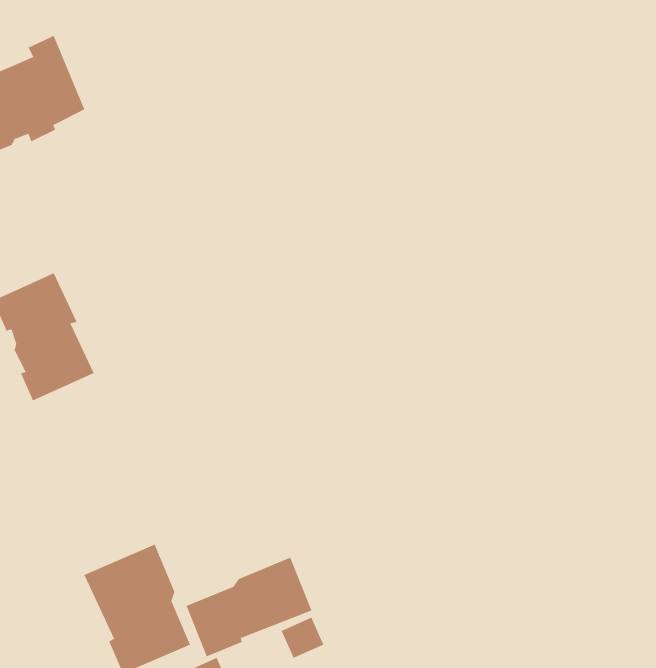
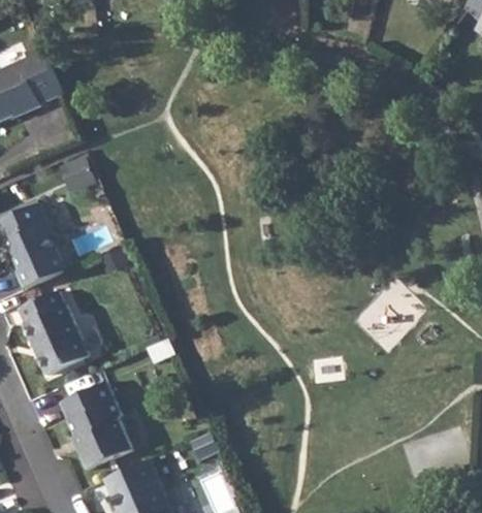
building: none -> [20,290,89,375]
building: [186,557,312,657] -> none

